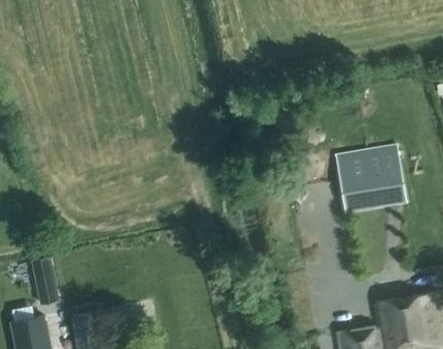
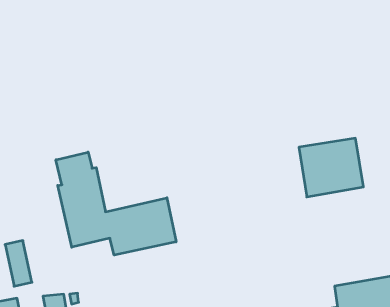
building: none -> [56,152,176,255]

